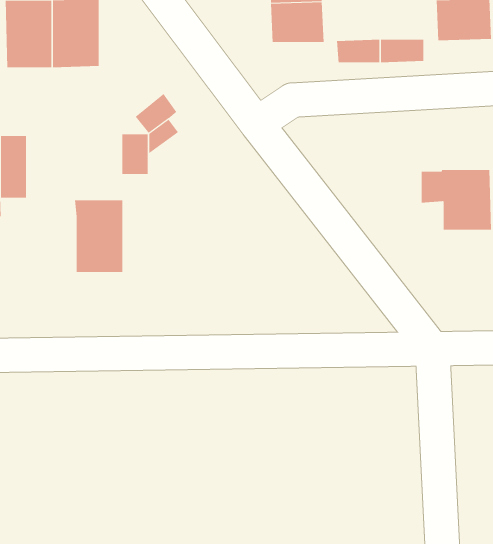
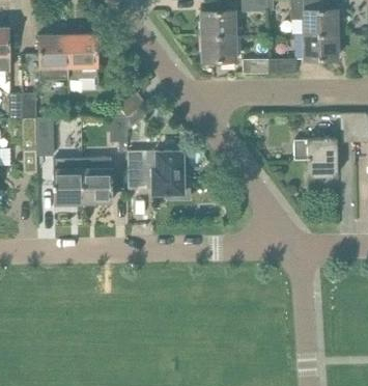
building: none -> [129,151,189,199]
building: none -> [52,158,82,206]

